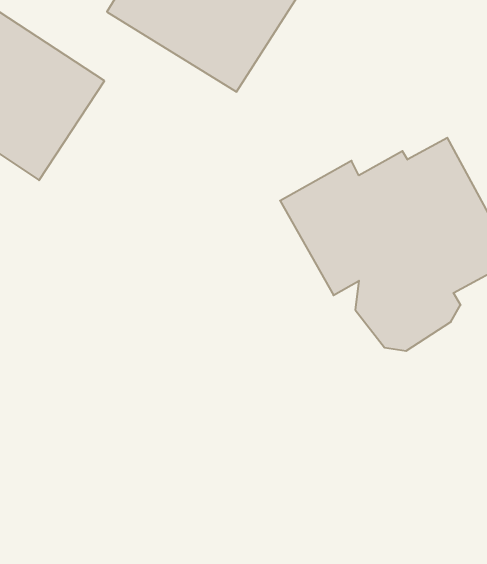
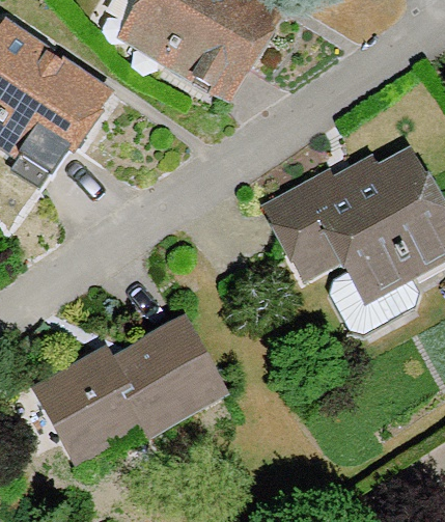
building: none -> [30,312,227,464]

